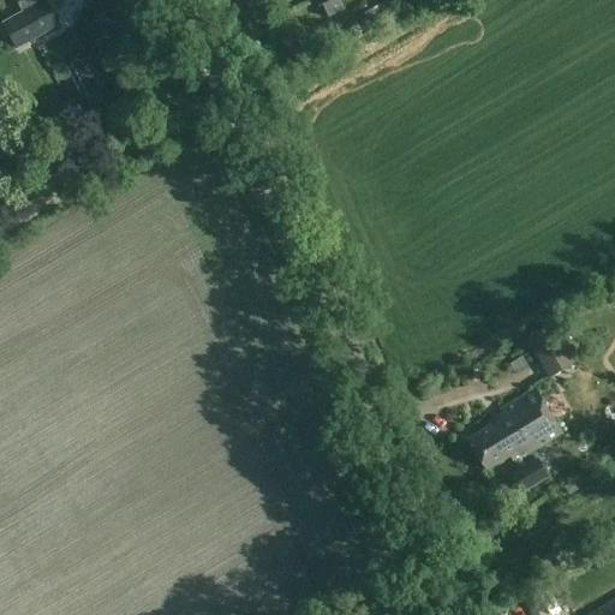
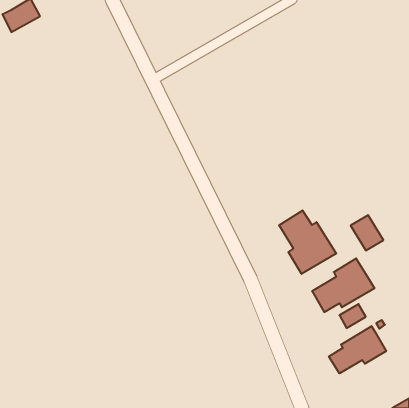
building: none -> [279,210,336,274]
building: none -> [329,326,386,373]

